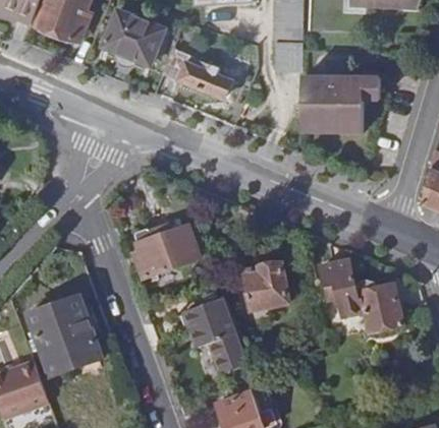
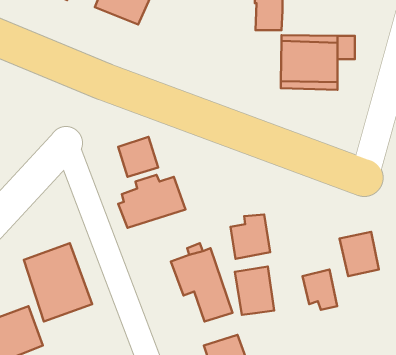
building: [162,49,230,101] -> none
building: none -> [118,137,158,177]
building: [321,258,358,301] -> [303,269,337,310]
building: none -> [235,267,274,315]

